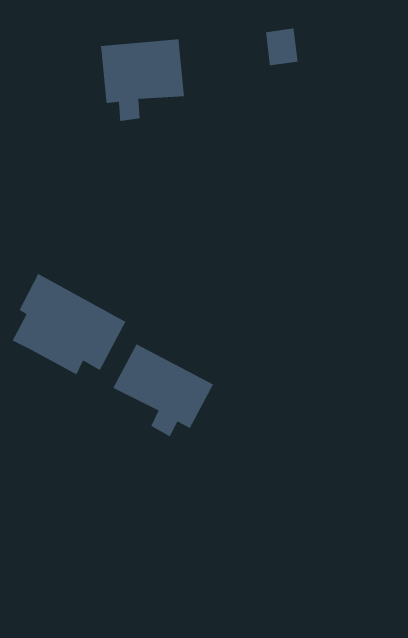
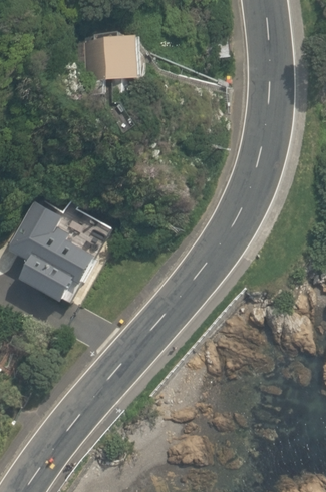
building: [112,343,214,438] -> none

